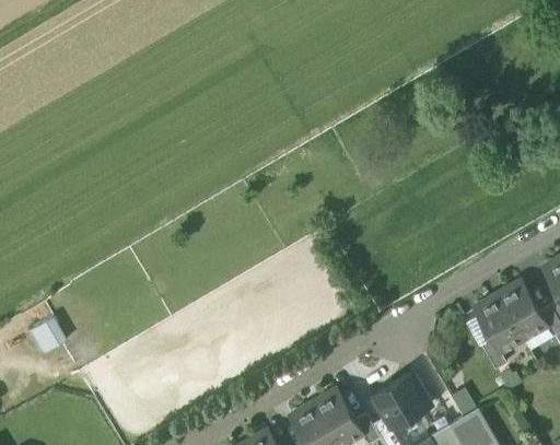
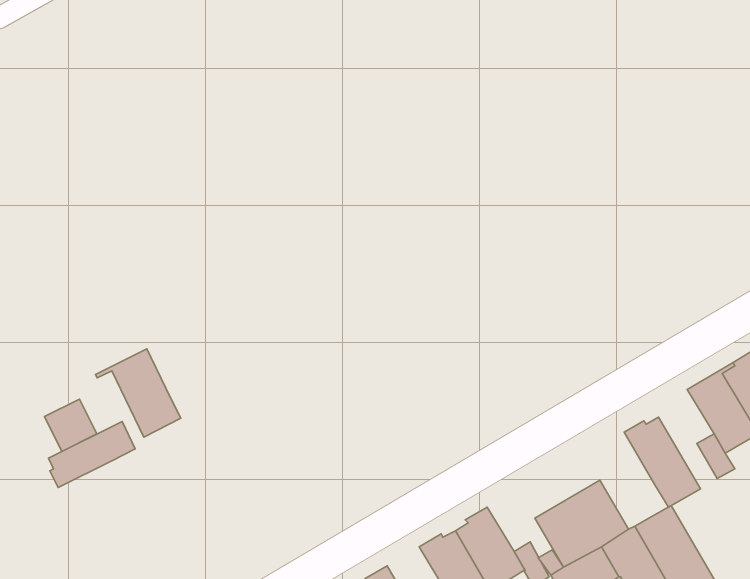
building: none -> [95,349,181,437]
building: none -> [624,417,701,507]
building: none -> [49,421,135,488]

